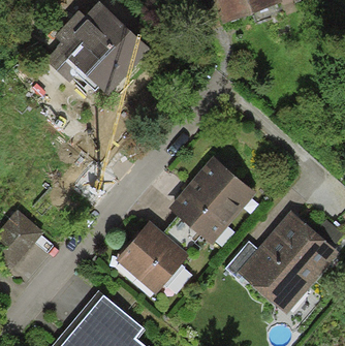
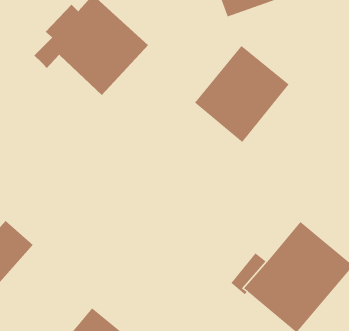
building: [167,156,255,246] -> [194,45,289,143]
building: [116,221,189,294] -> none

